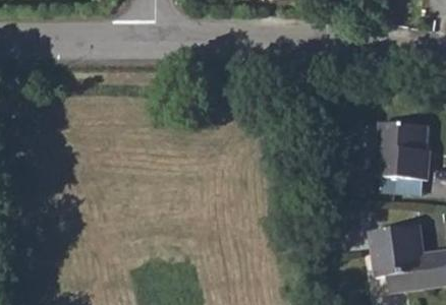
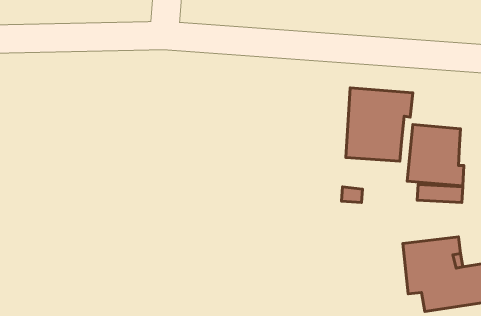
building: none -> [346,88,413,161]

